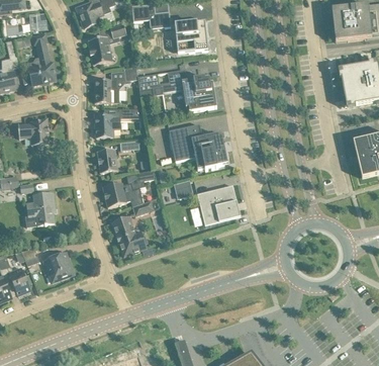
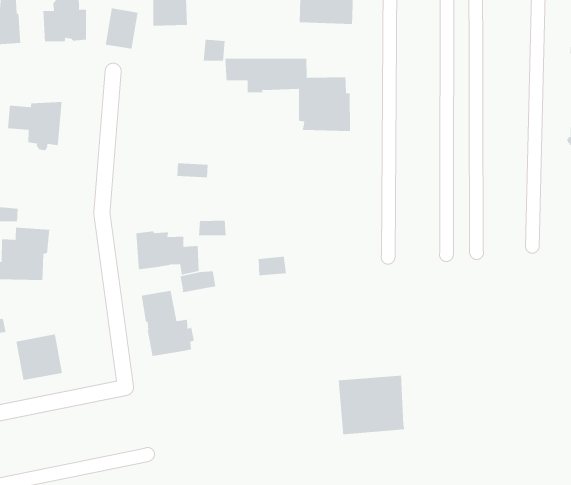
building: [95,79,111,101] -> [105,8,139,50]
building: [95,114,120,136] -> none
building: [170,123,228,169] -> none
building: [98,148,118,172] -> none
building: [197,184,241,224] -> [338,375,405,435]

